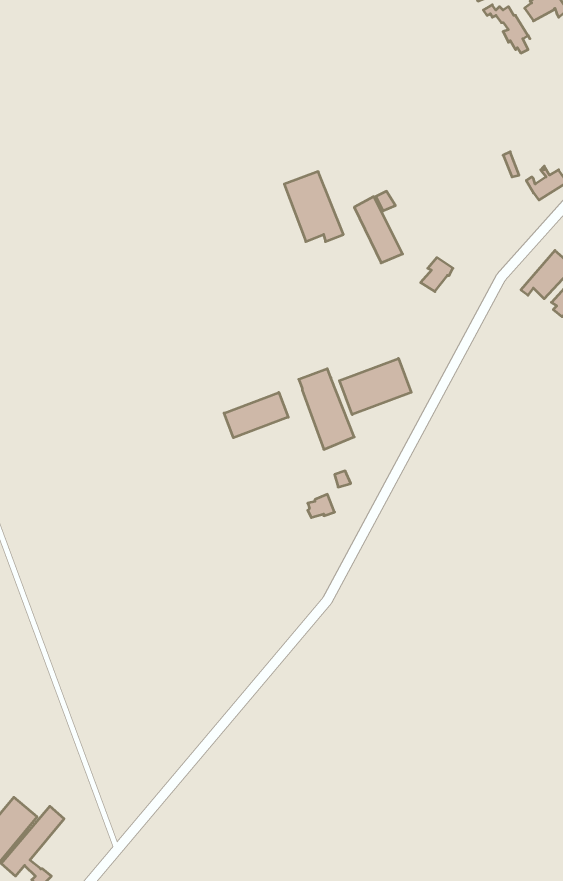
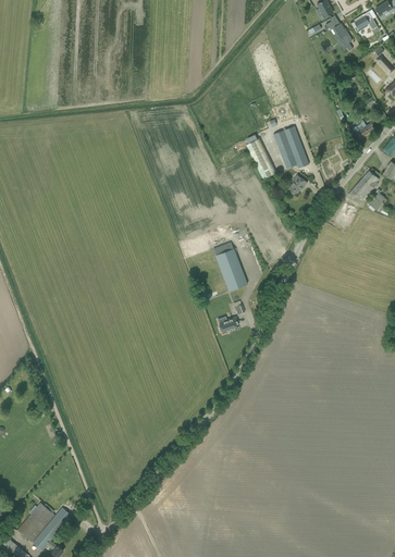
building: [284,172,343,242] -> [273,126,309,169]
building: [339,358,411,415] -> none
building: [224,392,288,438] -> none

